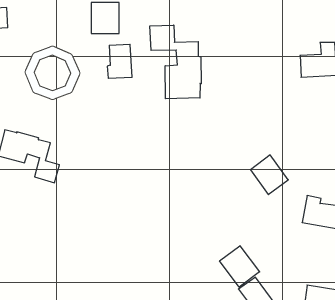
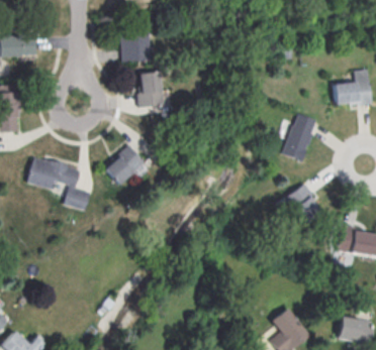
building: [150,25,201,99] -> none
building: none -> [283,112,317,160]
building: none -> [105,144,146,184]
building: [220,246,260,287] -> none

